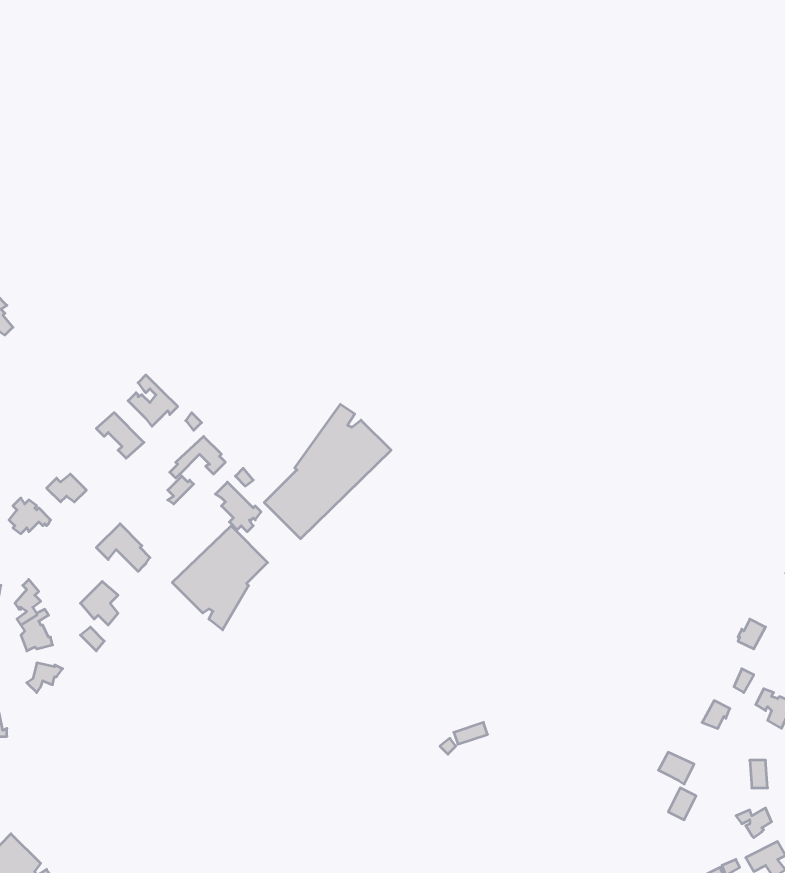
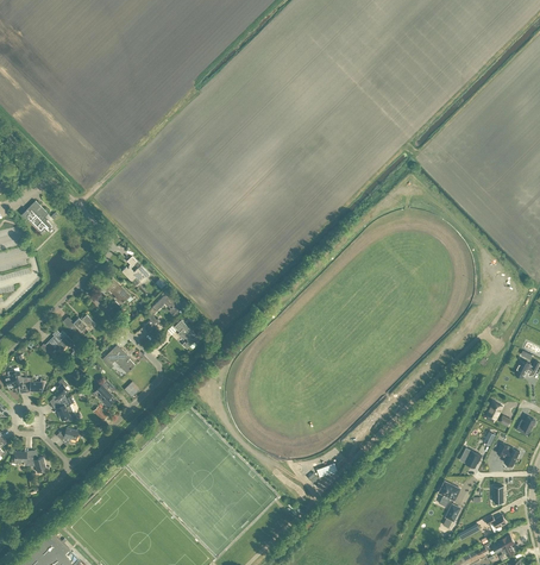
building: [264,404,391,539] -> none
building: [172,526,268,630] -> none

